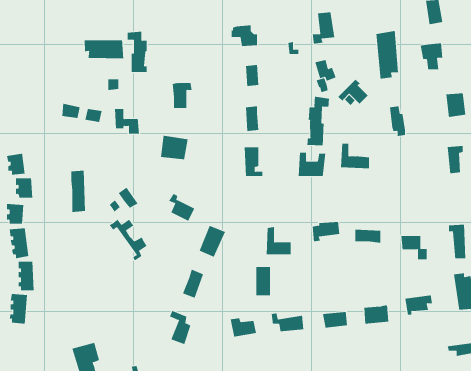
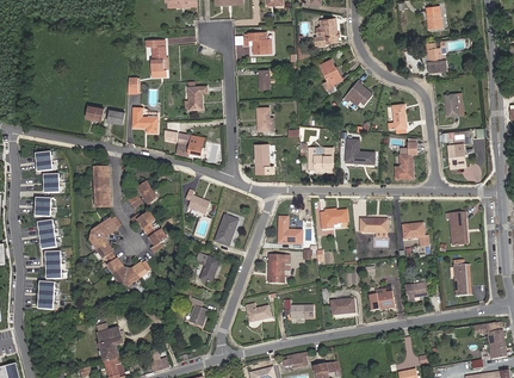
building: [376,30,399,80] -> none
building: [84,40,124,59] -> none
building: [307,96,329,146] -> none
building: none -> [394,142,416,179]
building: none -> [92,217,150,283]

